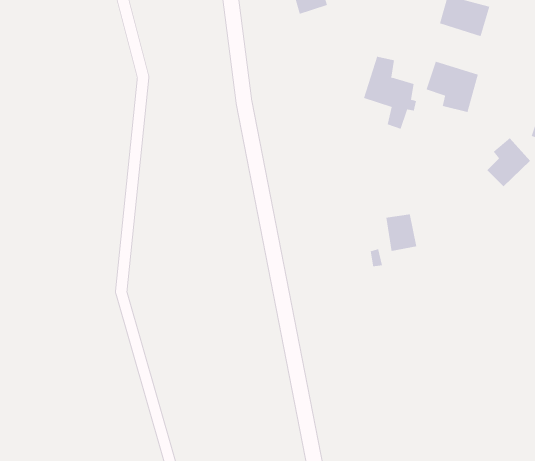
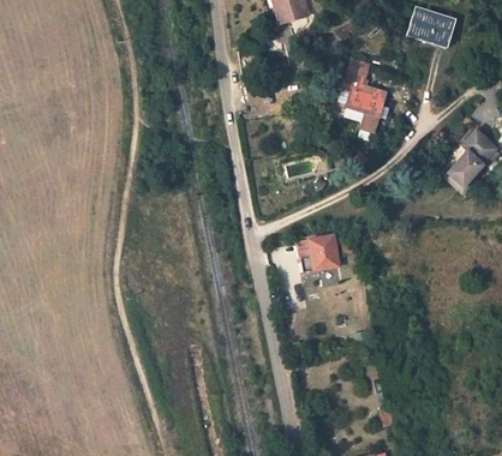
building: [426,61,478,113] -> none
building: [386,214,417,252] -> [310,234,339,269]

